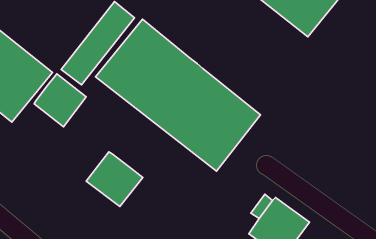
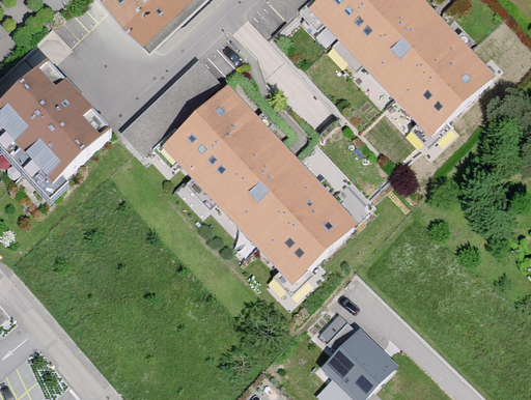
building: [34,74,86,127] -> none
building: [86,152,143,207] -> none

